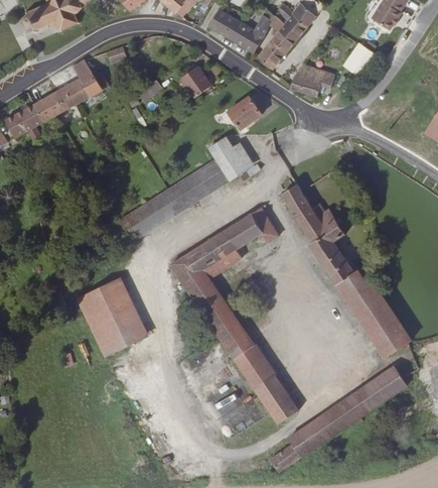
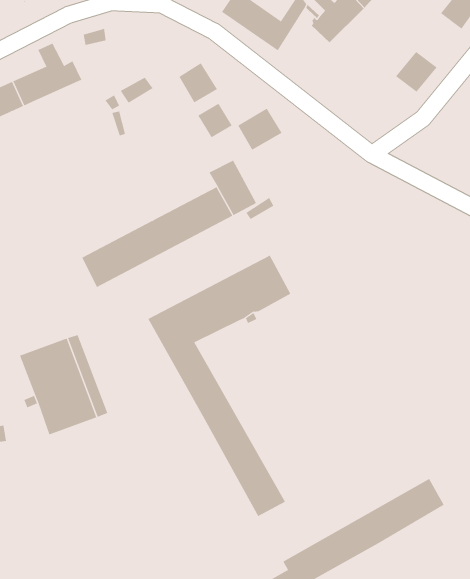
building: [258,31,292,69] -> none
building: [289,64,334,96] -> none
building: none -> [197,103,232,138]
building: [281,184,410,358] -> none
building: [266,392,297,423] -> none

